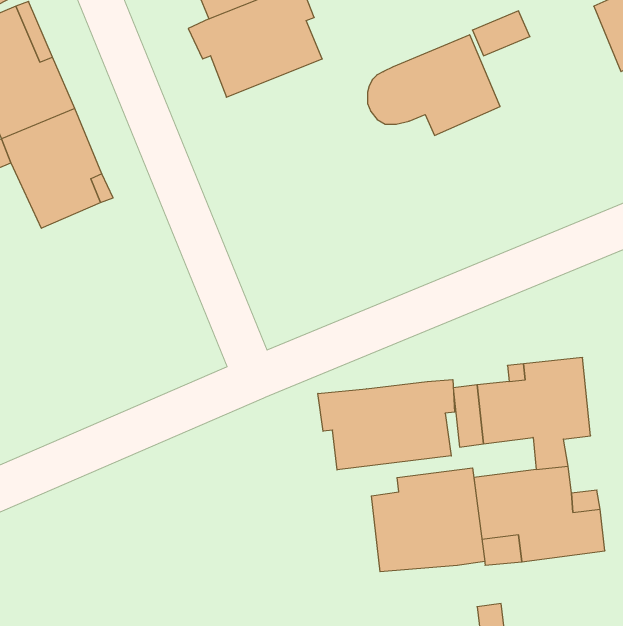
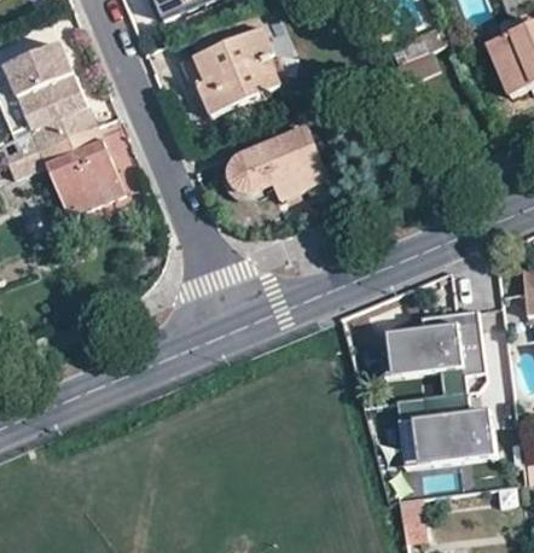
building: [368,35,500,135] -> [228,124,329,200]
building: [318,380,455,470] -> none
building: [371,468,485,572] -> none

